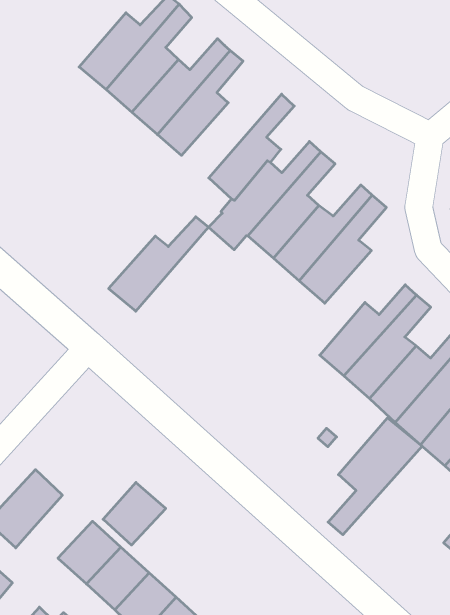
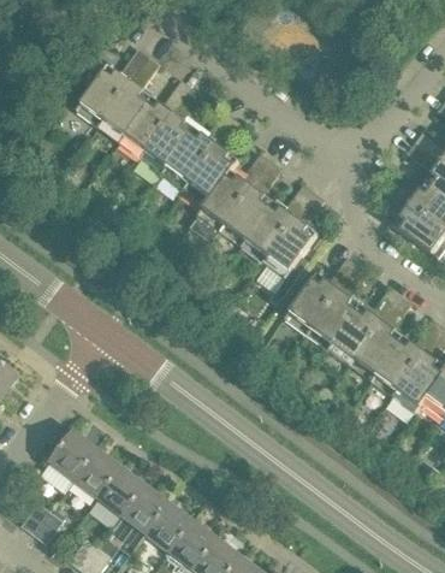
building: [109,217,209,311] -> [162,111,236,189]
building: [328,418,422,535] -> none
building: [103,482,166,545] -> [72,448,120,497]

